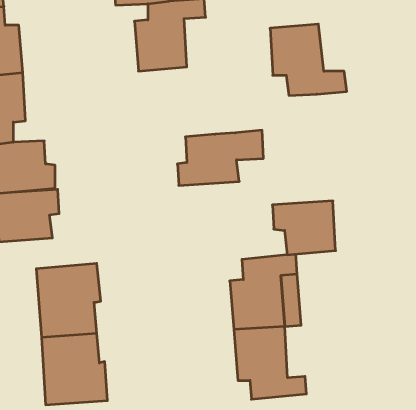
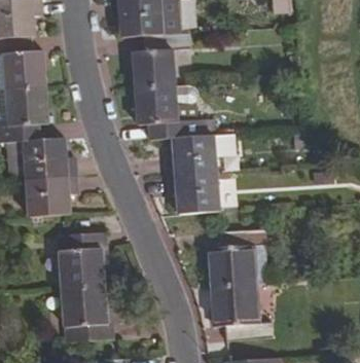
building: [270,24,347,95] -> [137,84,195,139]
building: [272,201,336,255] -> [168,172,216,213]

